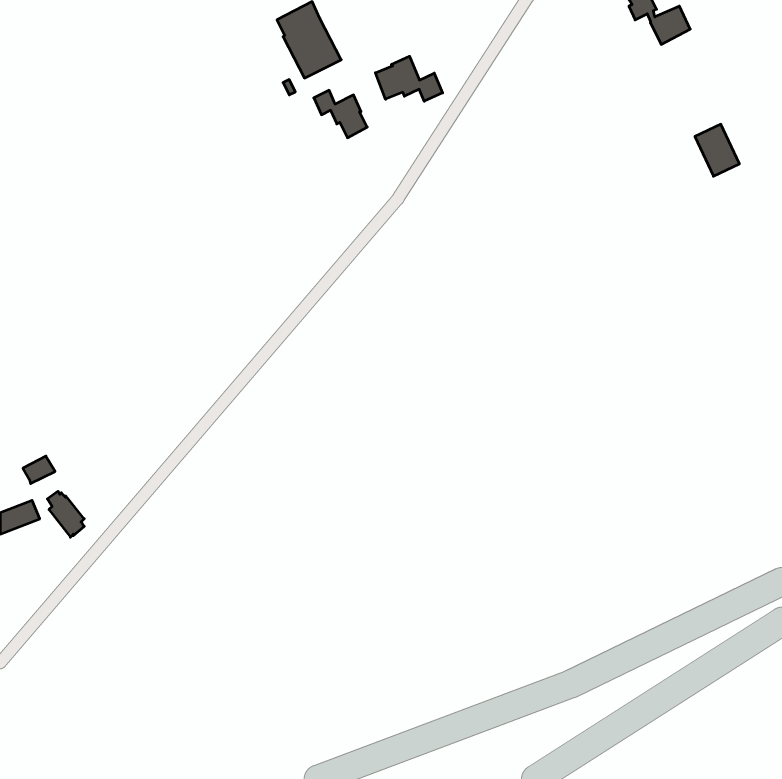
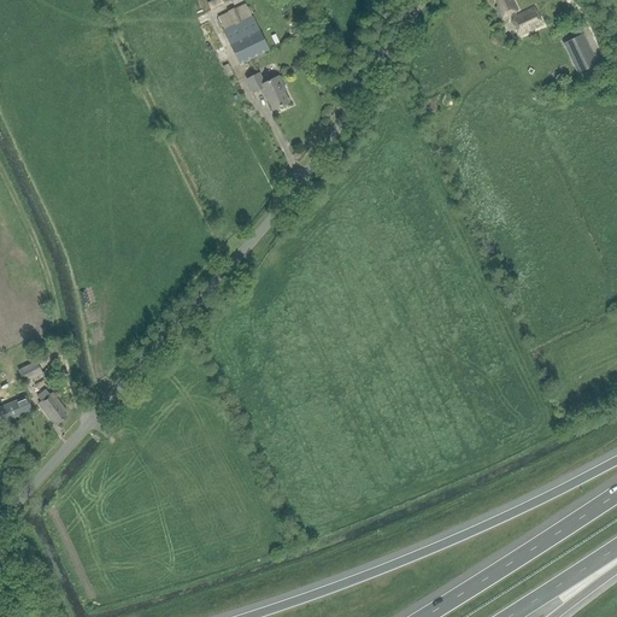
building: [375,56,443,101] -> none
building: [695,124,739,176] -> [563,31,598,72]

